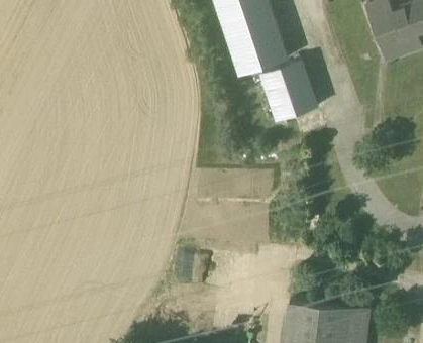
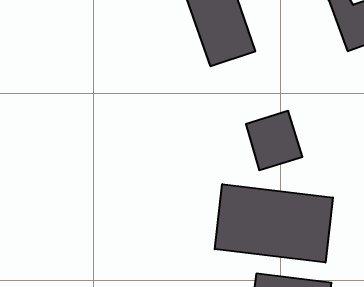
building: [260,59,321,122] -> [246,111,302,170]
building: none -> [215,184,333,263]

